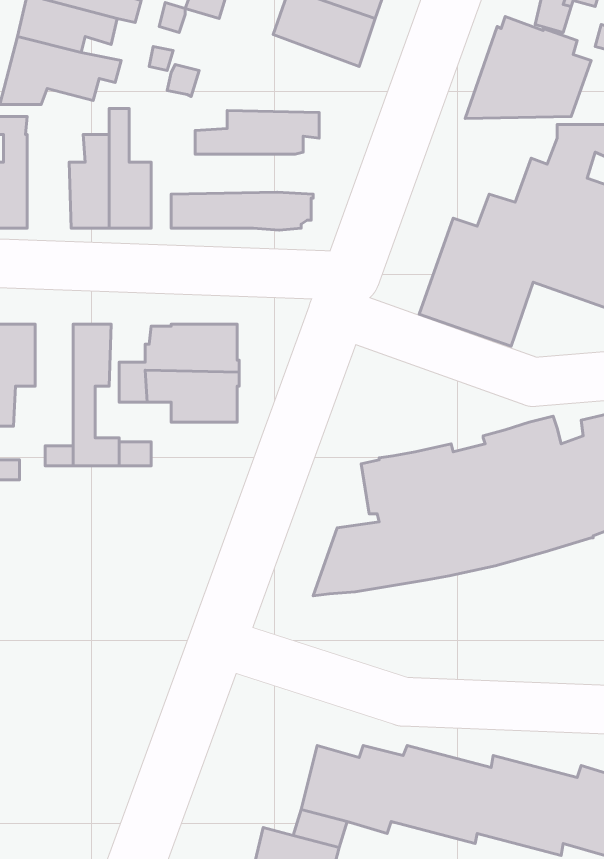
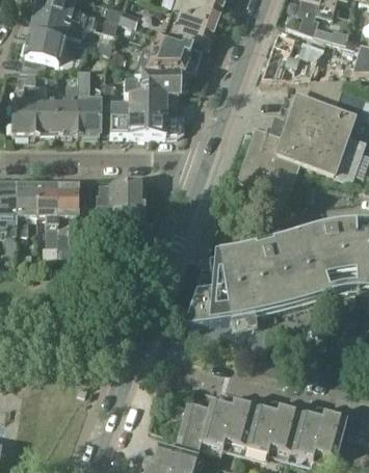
building: none -> [135,33,204,71]
building: none -> [36,81,59,130]
building: none -> [111,90,180,112]
building: none -> [41,180,60,231]

